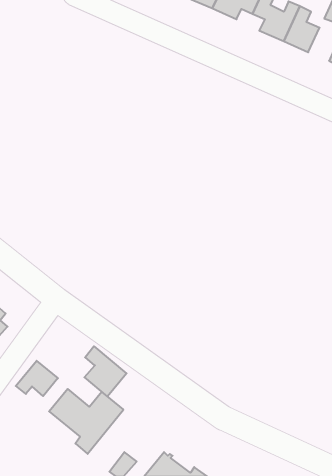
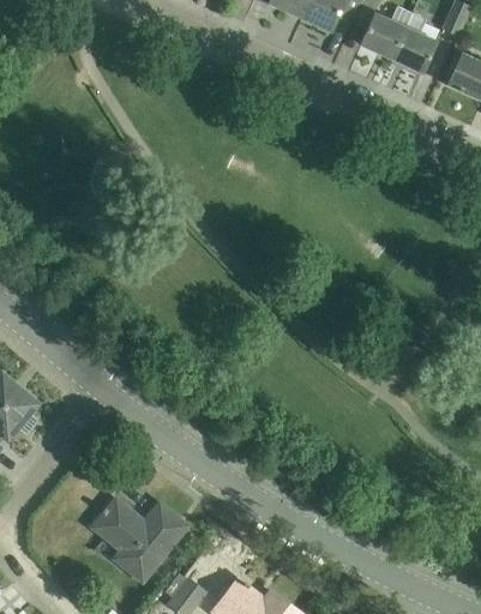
building: [84,346,127,396] -> none
building: [16,361,58,396] -> none

